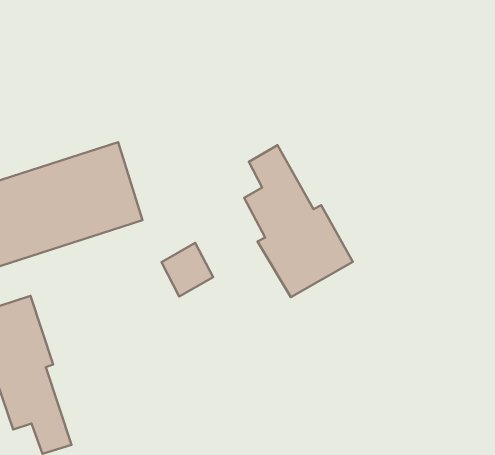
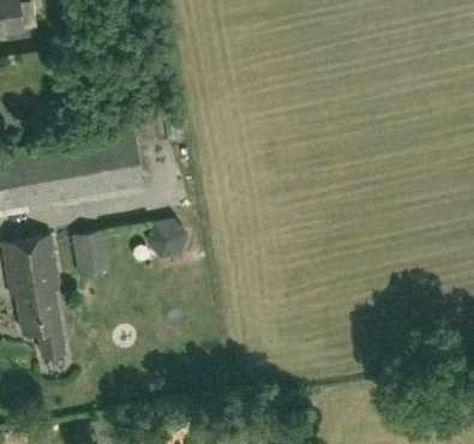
building: [244,145,353,297] -> none
building: none -> [72,233,109,275]

